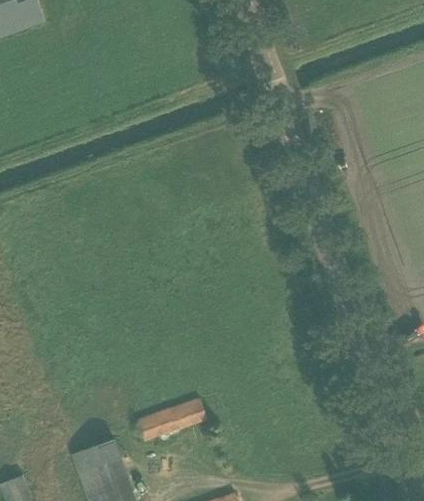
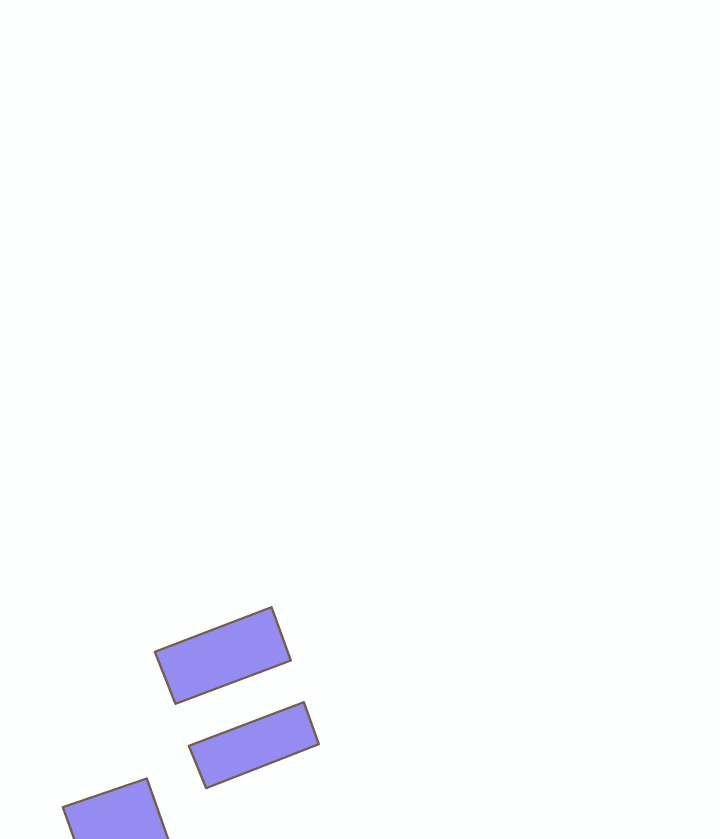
building: none -> [155,607,291,704]

